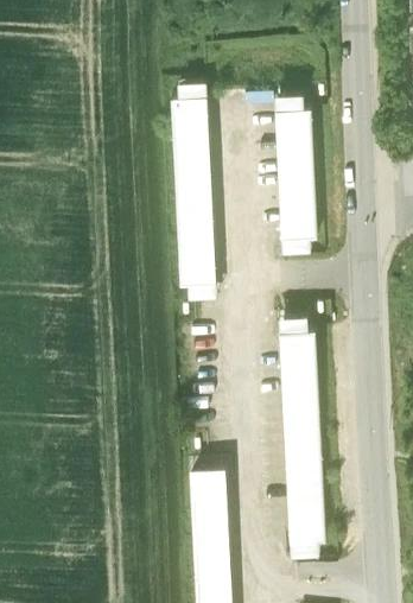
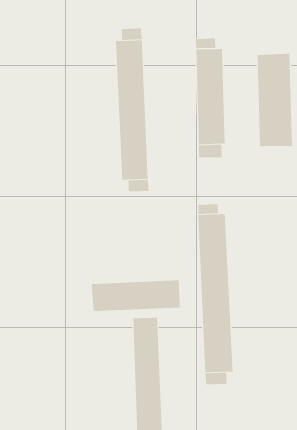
building: none -> [257,53,293,147]
building: none -> [91,280,180,312]

